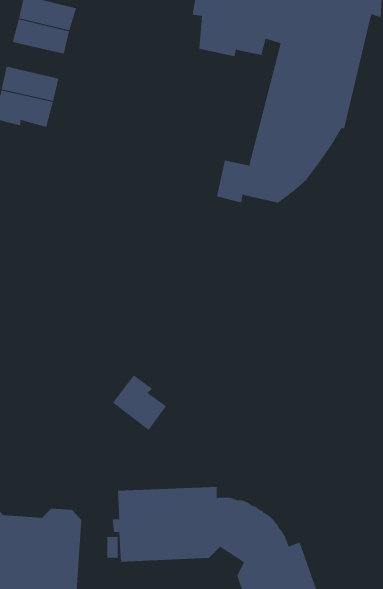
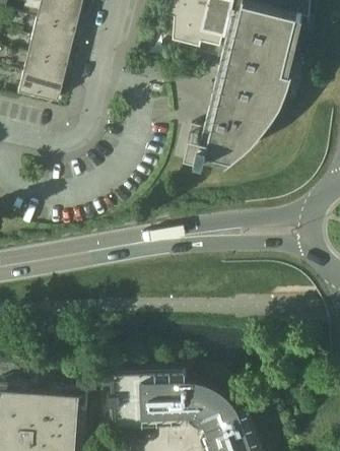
building: none -> [27,38,71,65]
building: [112,375,167,431] -> none

